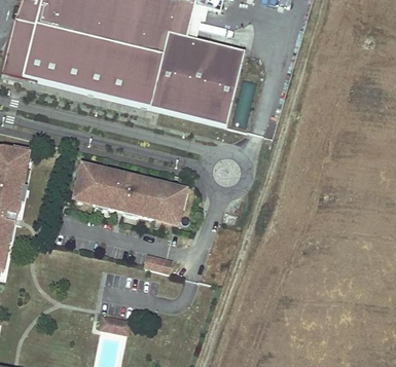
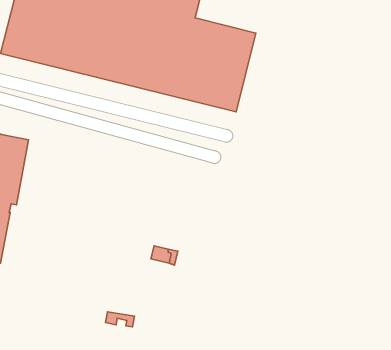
building: [76,163,186,220] -> none

